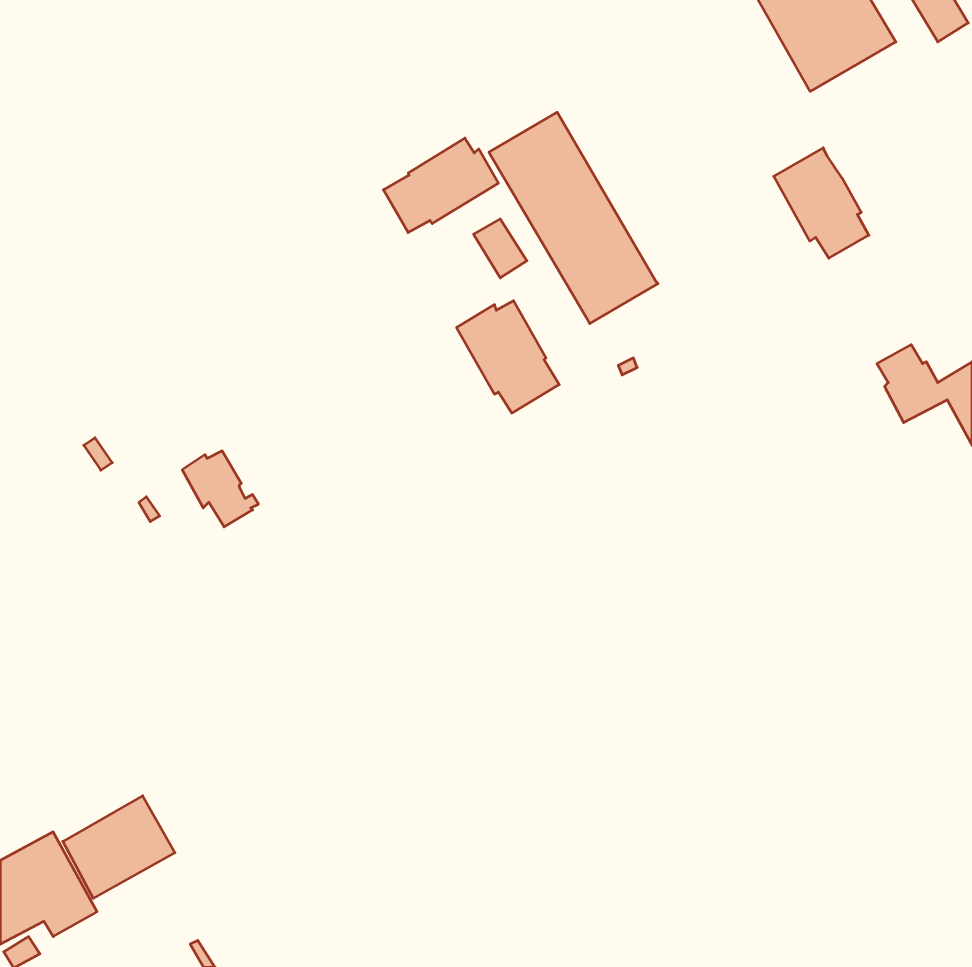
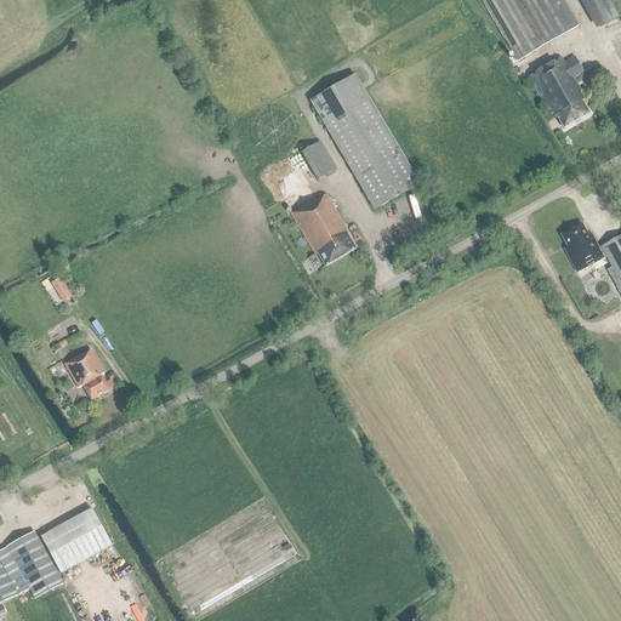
building: [383,138,498,233] -> none
building: [774,148,869,258] -> [529,56,589,126]
building: [182,451,258,527] -> [65,349,114,398]

